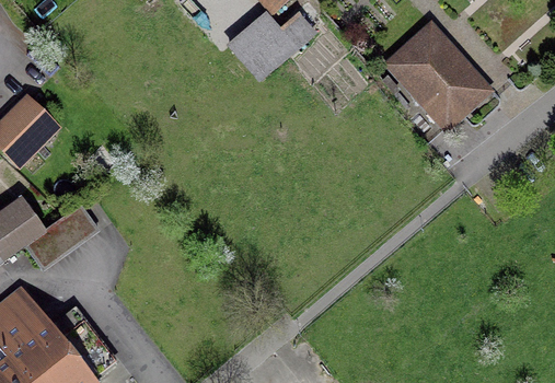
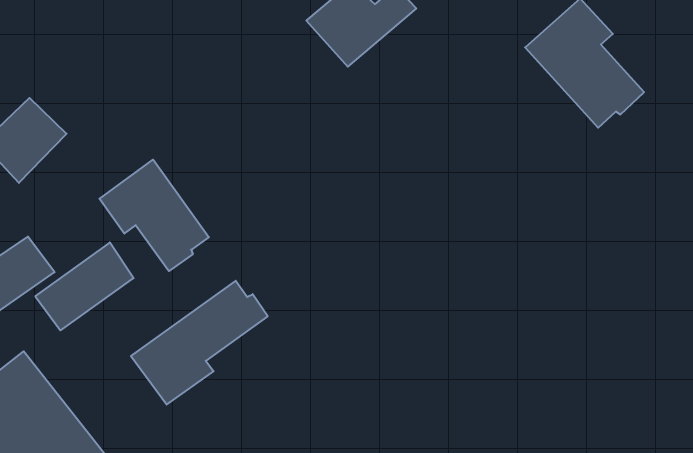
building: none -> [99,160,209,271]
building: none -> [131,281,268,405]

